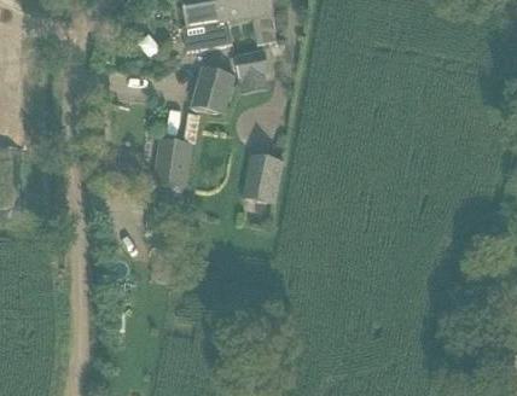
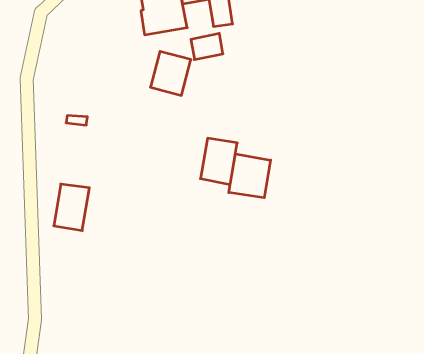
building: [155,140,191,187] -> [54,184,89,231]
building: none -> [229,154,271,198]

